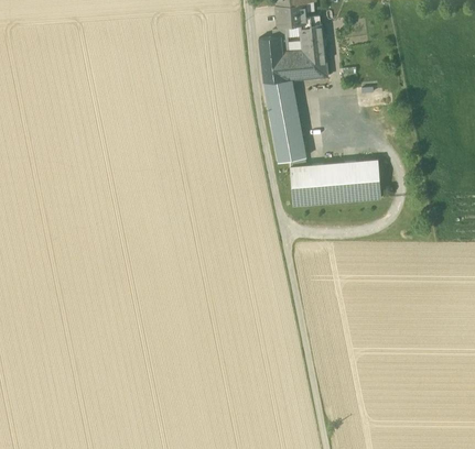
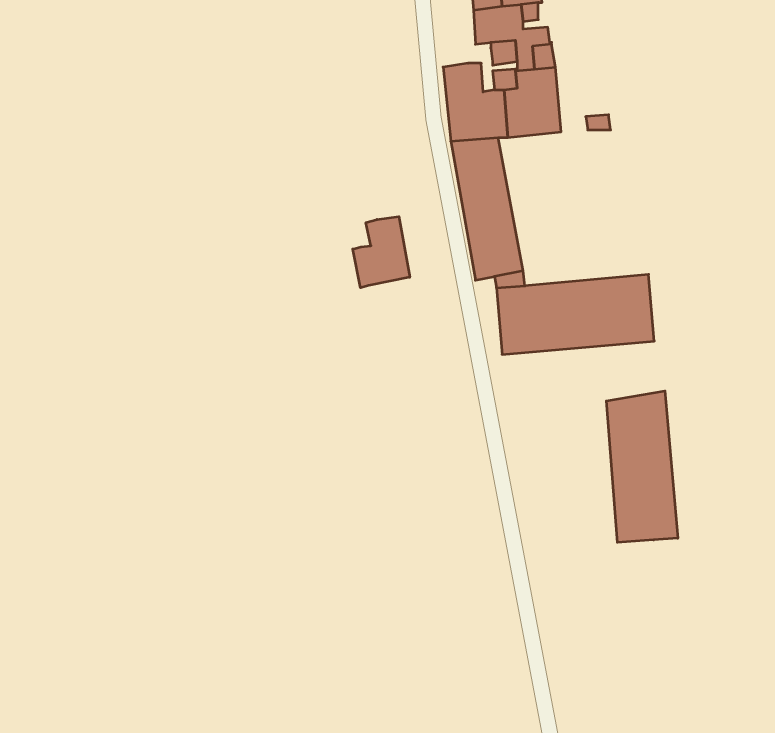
building: none -> [353,217,410,288]
building: none -> [606,391,678,542]

